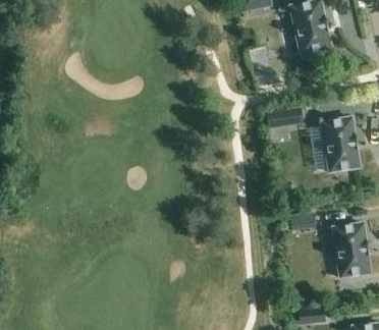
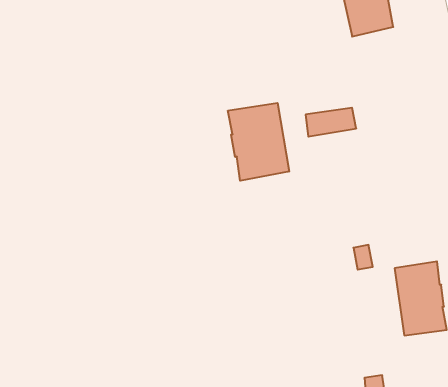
building: none -> [228,103,289,181]
building: [321,116,360,172] -> none

